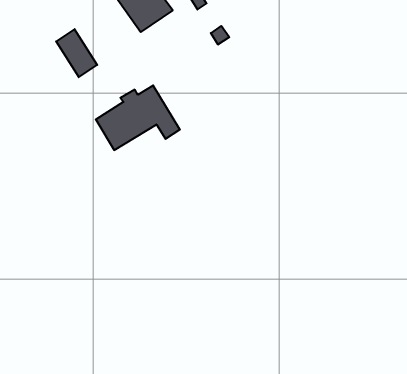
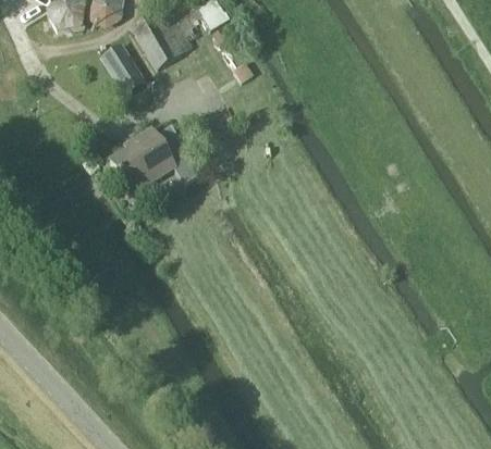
building: [56,29,97,77] -> [100,41,144,92]

